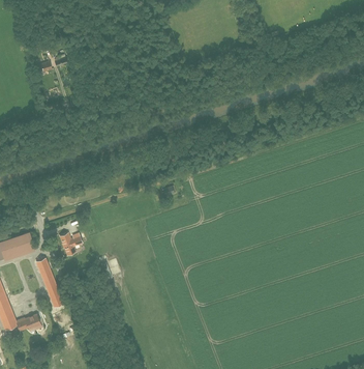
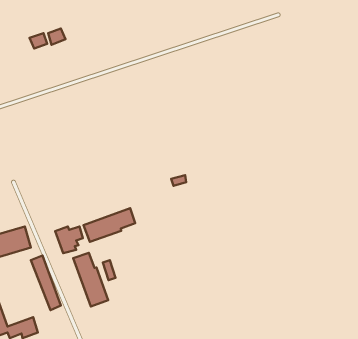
building: none -> [84,208,135,242]
building: none -> [73,253,108,307]

